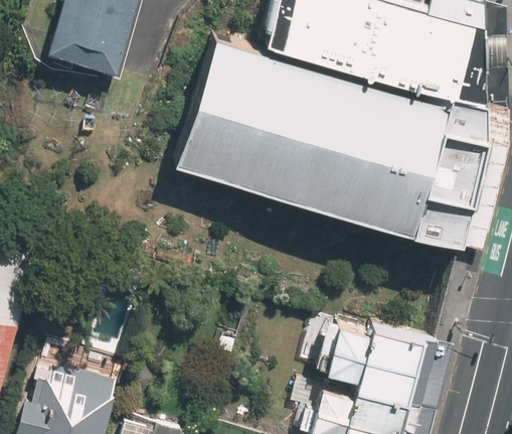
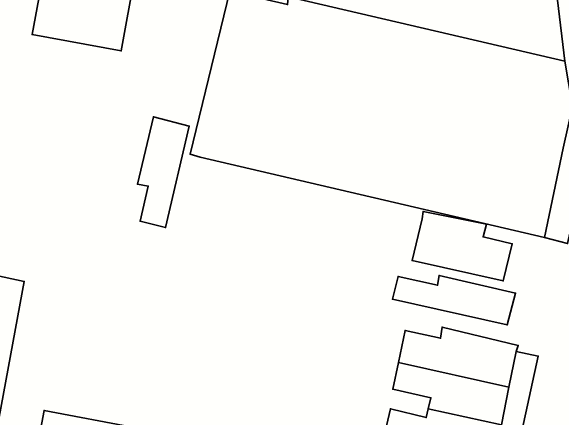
building: none -> [138,117,189,227]
building: none -> [412,211,512,281]
building: none -> [393,276,515,325]

